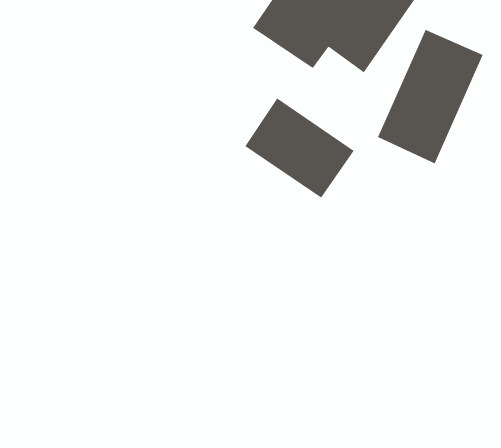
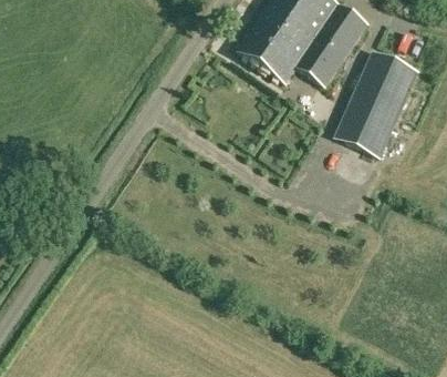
building: [245,97,354,199] -> none

